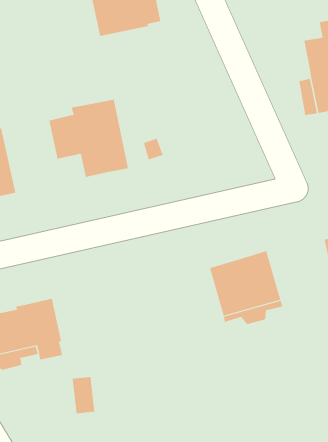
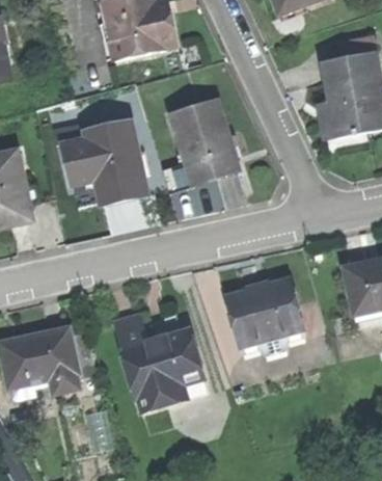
building: none -> [171,101,236,183]
building: none -> [113,311,207,408]

